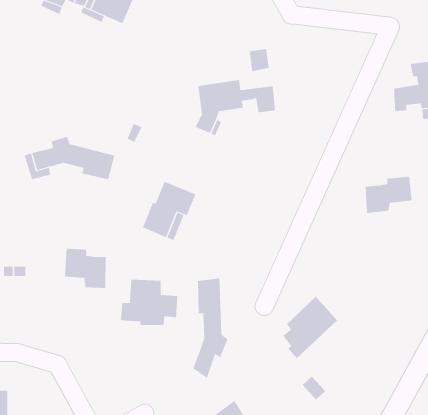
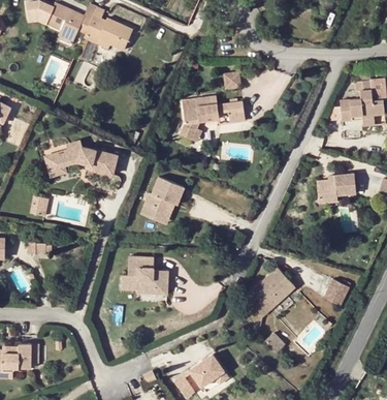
building: [65,248,106,289] -> none
building: [192,278,228,379] -> none
building: none -> [325,279,351,306]

